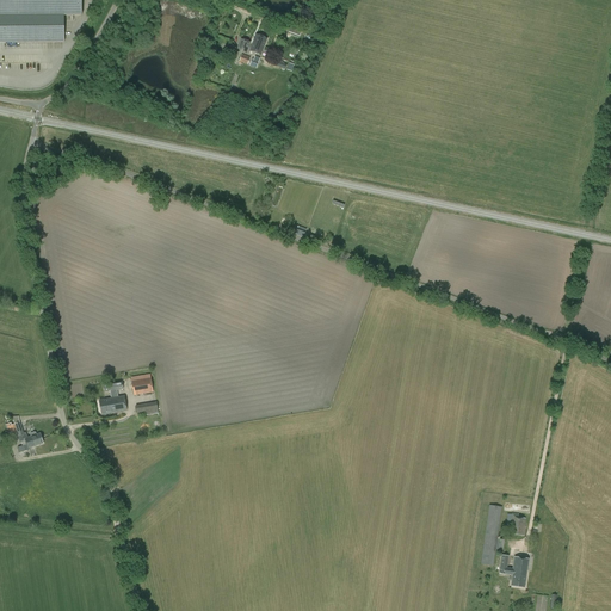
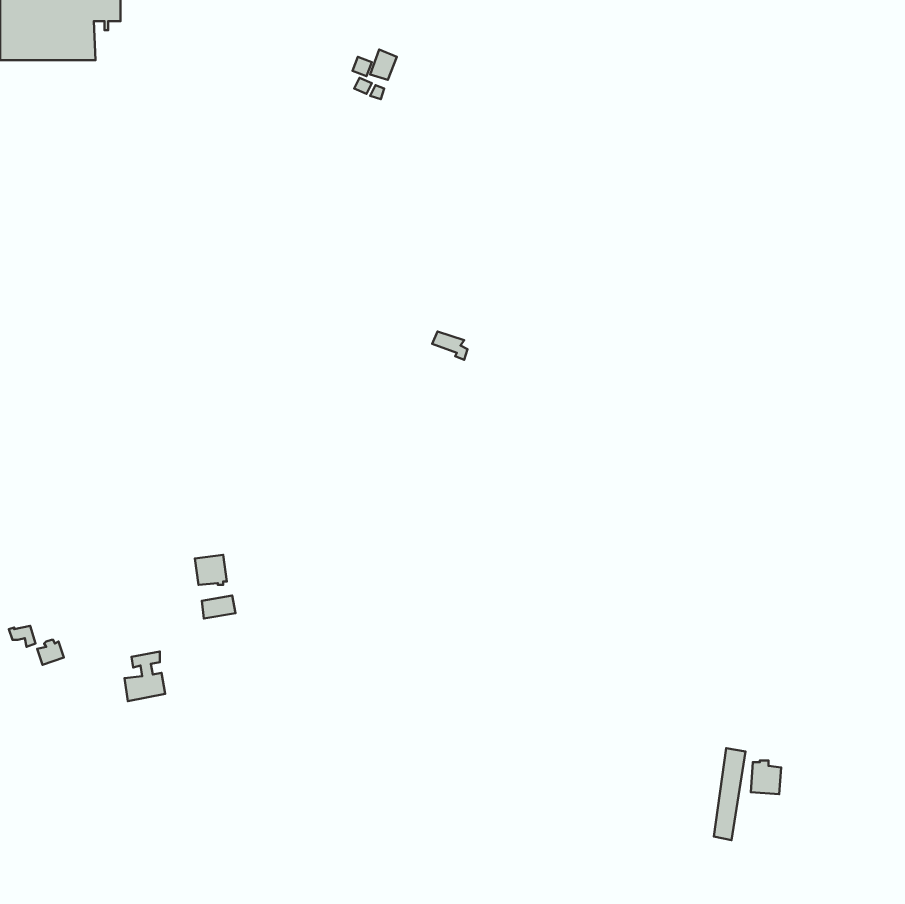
building: [99,381,126,414] -> [124,651,165,701]
building: [500,554,529,587] -> none

